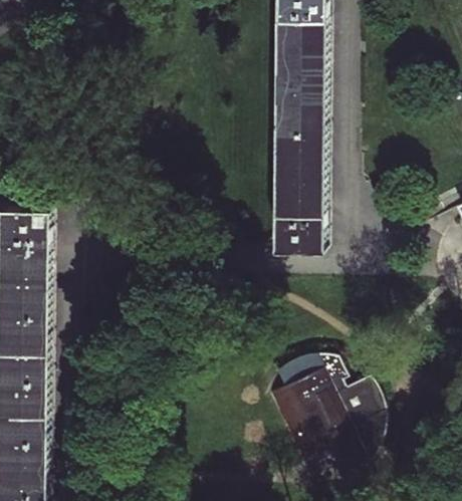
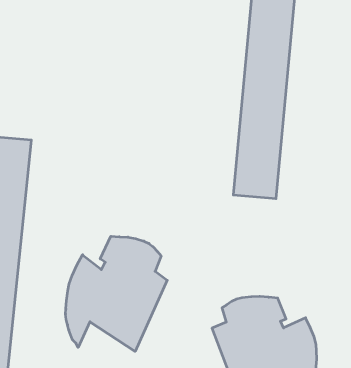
building: none -> [66,236,167,351]

